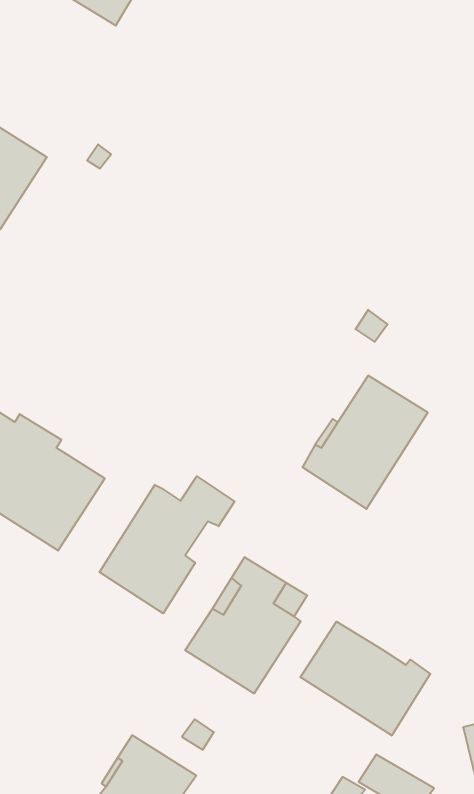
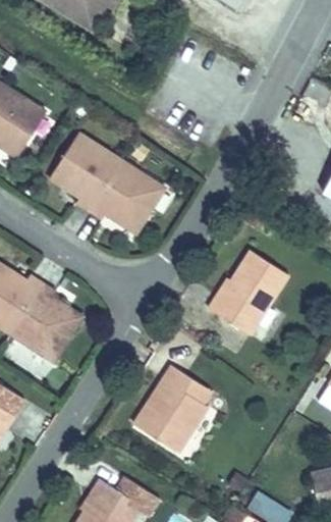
building: none -> [49,132,165,232]
building: [100,476,235,613] -> none
building: [300,622,430,736] -> none

